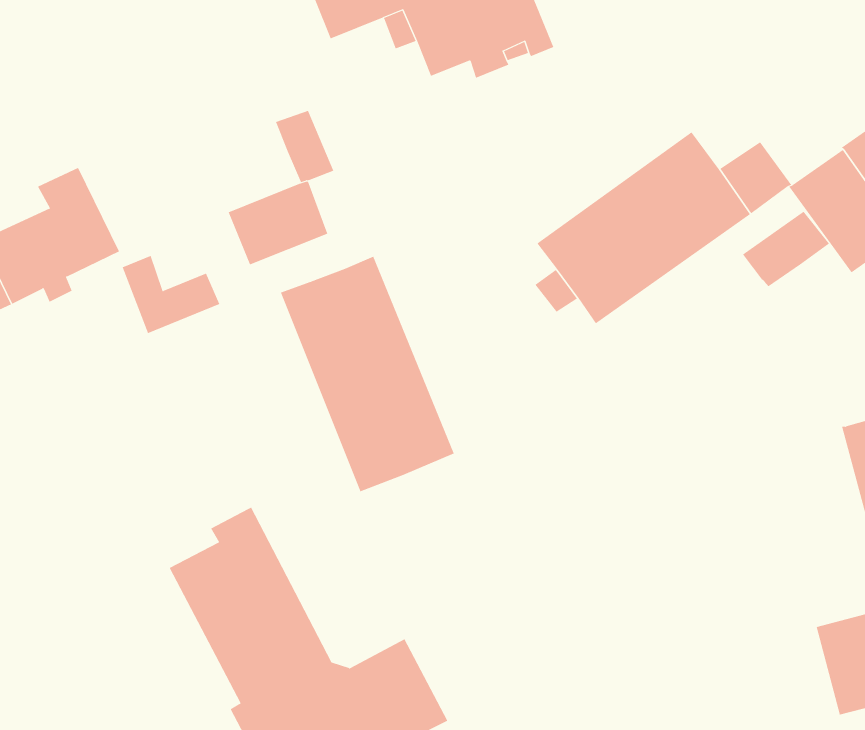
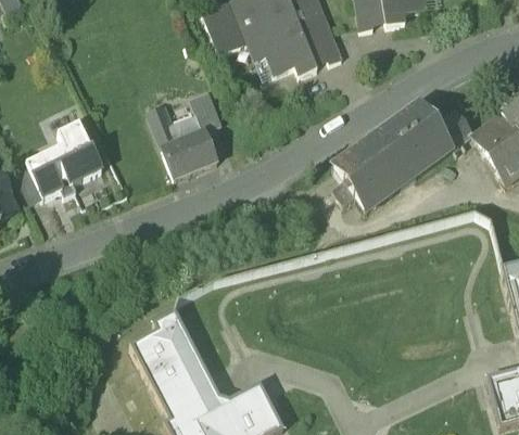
building: [742,211,830,287] -> none
building: [122,255,220,334] -> [149,104,203,148]
building: [280,256,454,492] -> none

